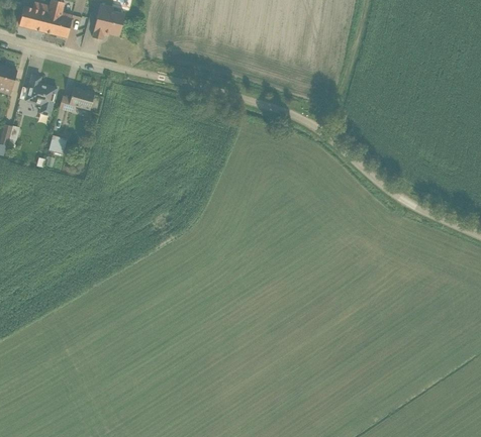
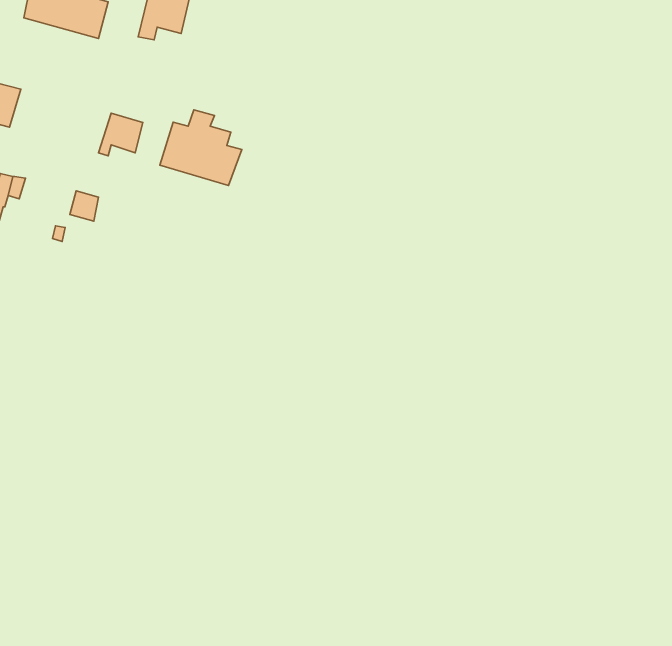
building: [25,74,57,115] -> none
building: none -> [160,110,242,186]

